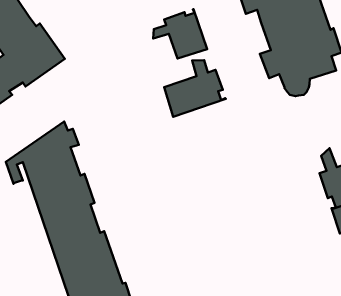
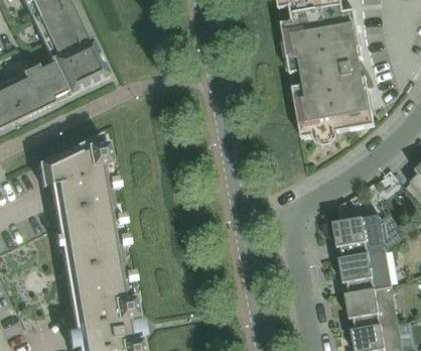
building: [153,9,207,59] -> none
building: [164,60,226,117] -> none

